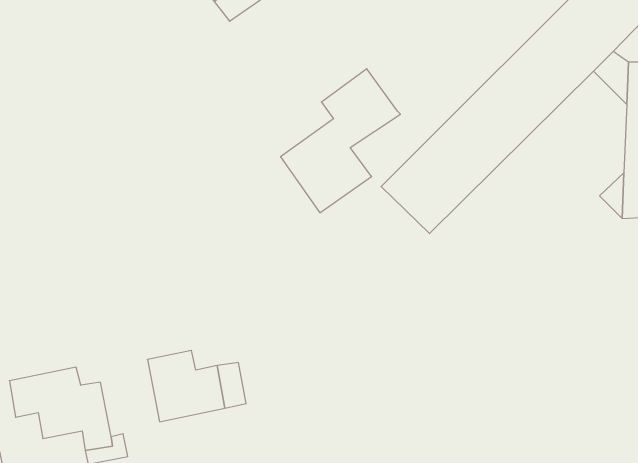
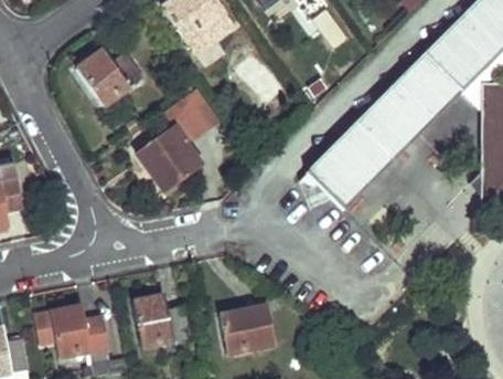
building: none -> [77,48,143,104]
building: [281,69,400,213] -> [136,86,223,191]
building: none -> [218,305,274,352]

